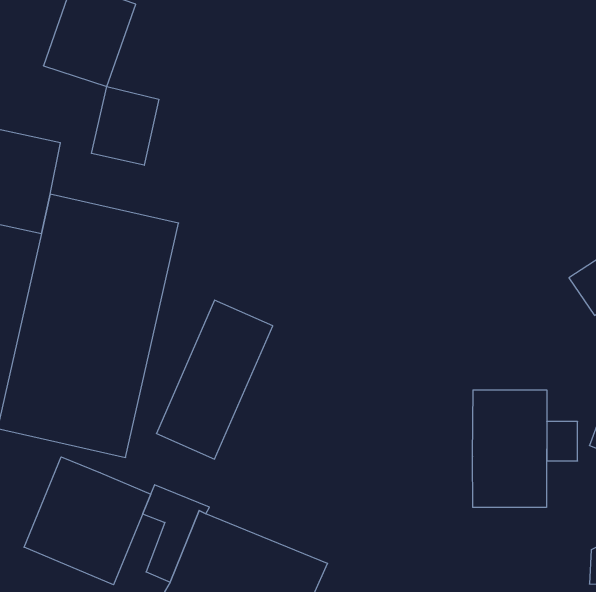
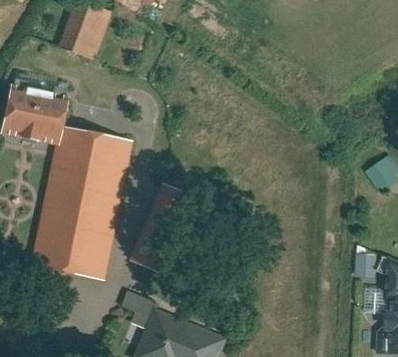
building: [91,86,159,165] -> none
building: [473,390,547,507] -> none
building: [24,457,151,585] -> none

